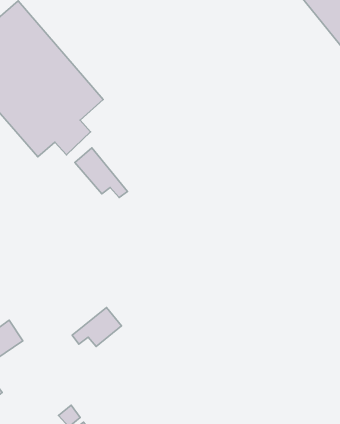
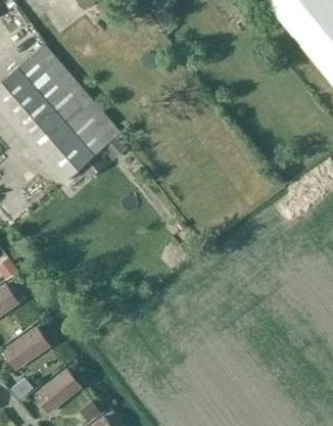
building: [75,148,127,198] -> none
building: [72,307,121,346] -> [36,371,80,406]

